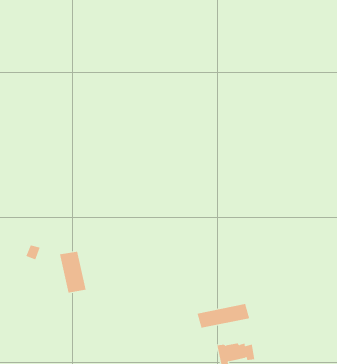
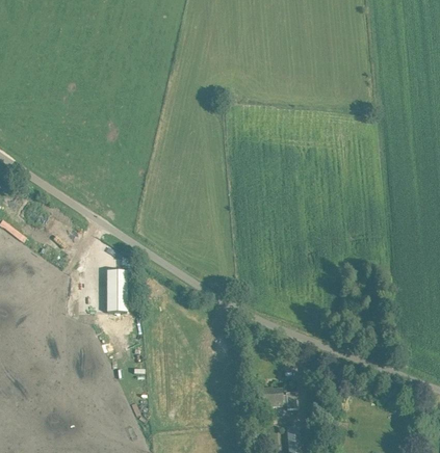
building: [197,303,250,329] -> none

